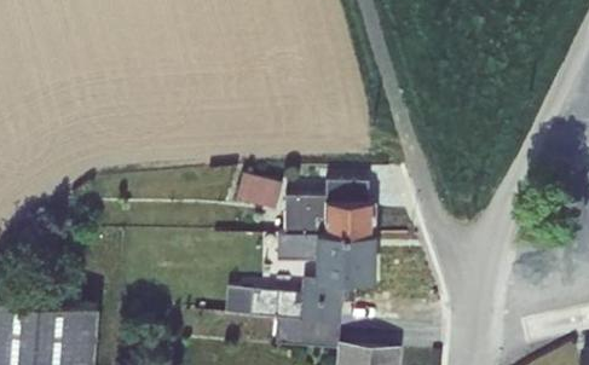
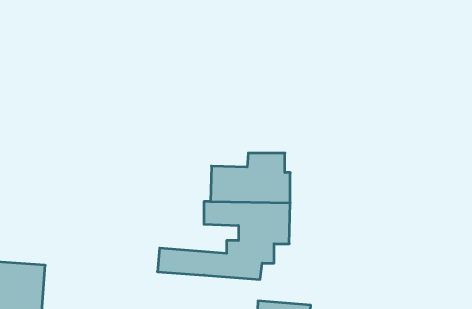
building: [236,175,282,213] -> none
building: [275,318,340,349] -> none

